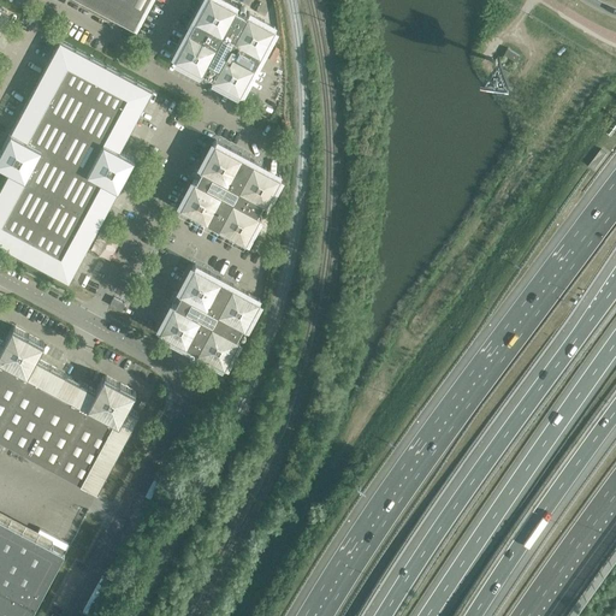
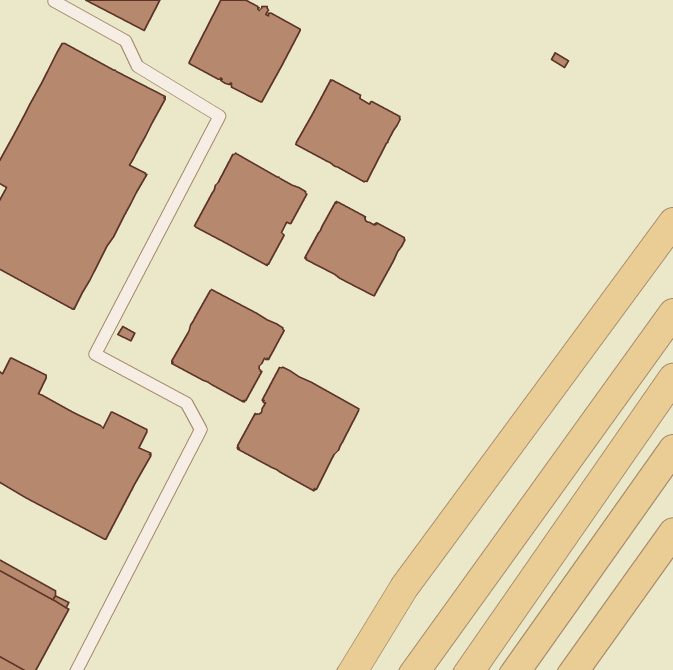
building: none -> [296,80,400,182]
building: none -> [305,202,405,296]
building: none -> [237,367,359,491]

